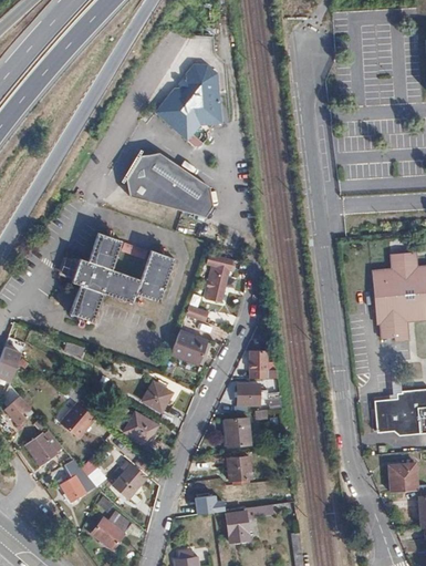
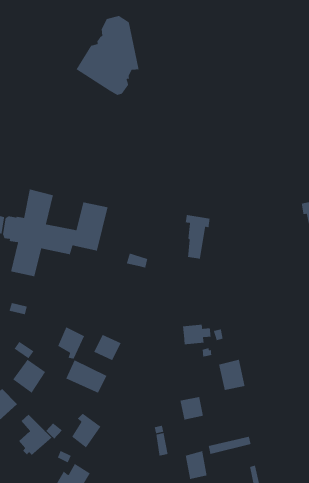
building: [126,153,214,217] -> none
building: [207,255,235,302] -> [185,214,211,259]
building: [169,332,205,364] -> none
building: [250,350,278,378] -> none
building: none -> [57,326,85,359]
building: [227,419,252,450] -> [218,359,245,391]

